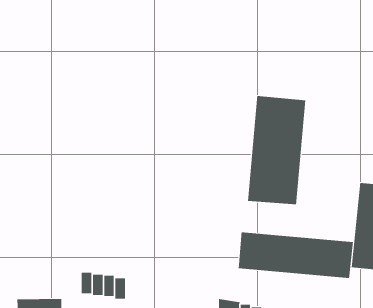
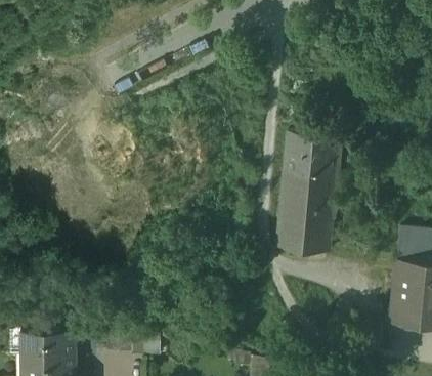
building: [238,232,354,279] -> none
building: none -> [23,332,73,358]

